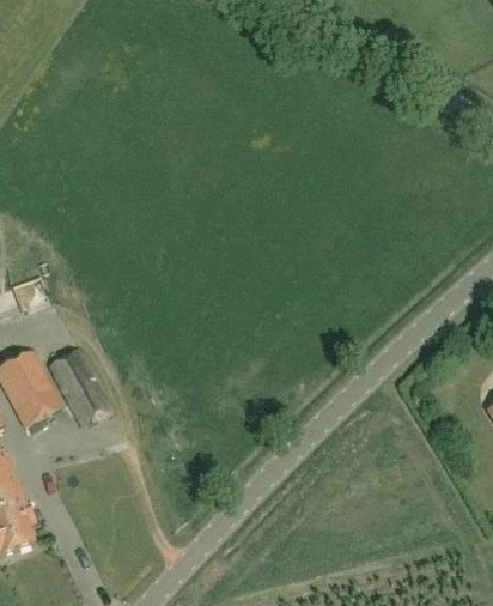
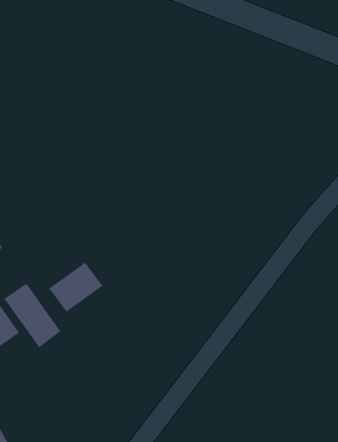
building: none -> [49,262,103,313]

